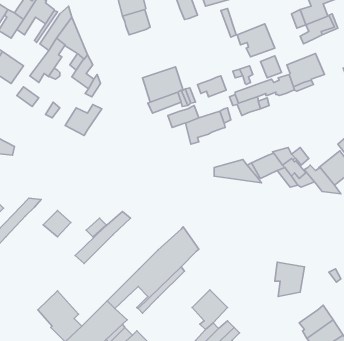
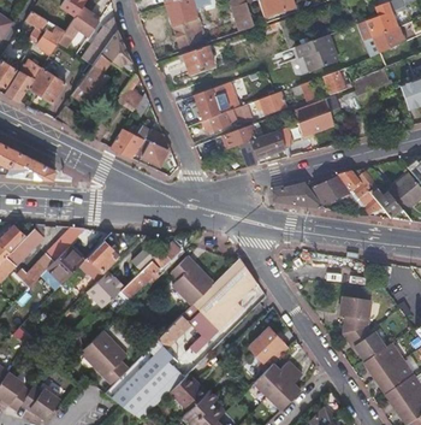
building: none -> [183,46,214,76]
building: none -> [135,128,171,165]
building: none -> [46,246,82,283]
building: none -> [171,256,212,303]
building: none -> [89,270,123,302]
building: none -> [343,329,386,362]

